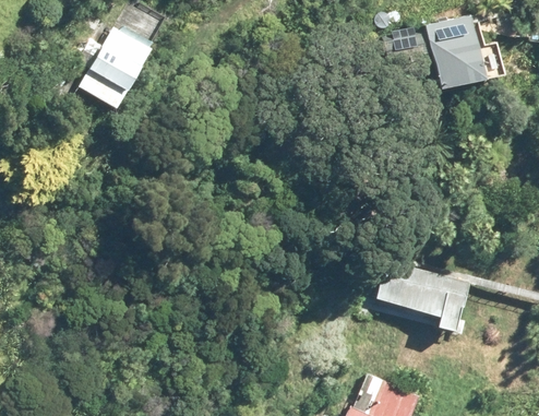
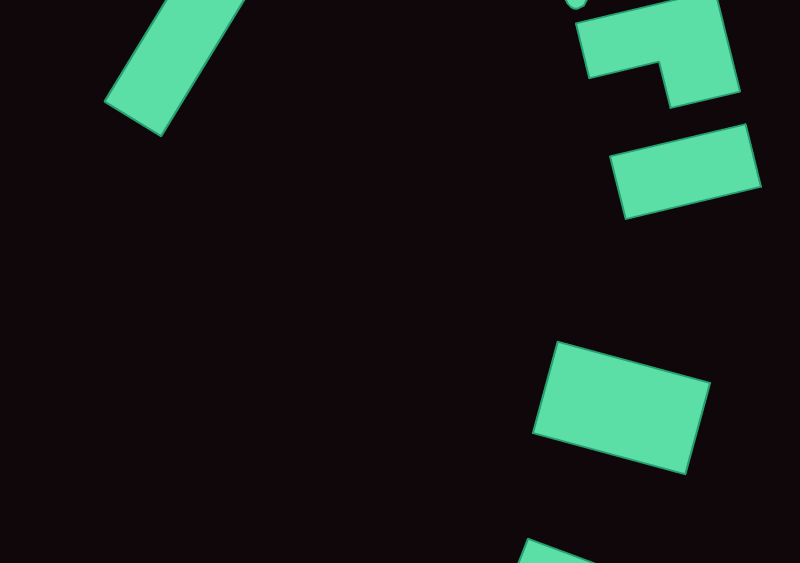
building: none -> [610,124,761,219]

